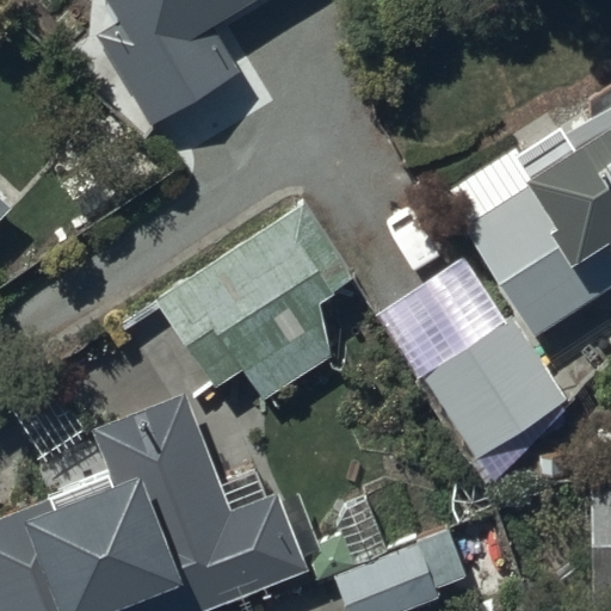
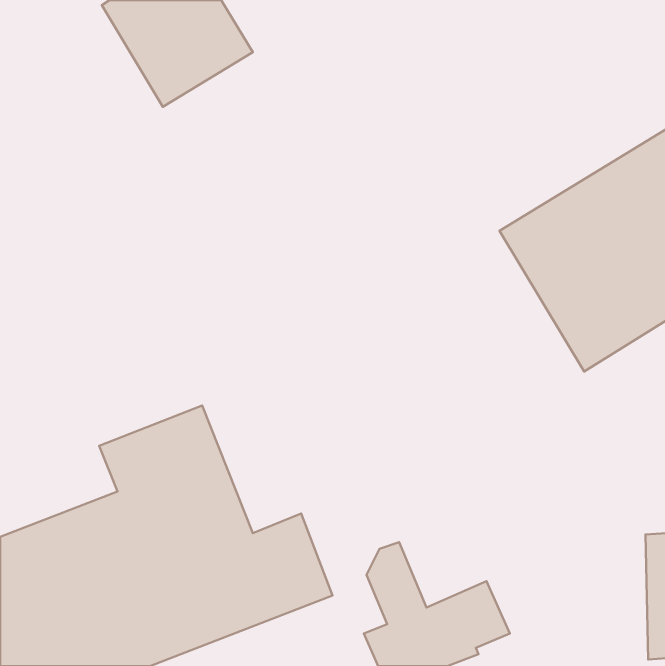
building: [155,211,350,405] -> none
building: [376,263,567,470] -> none

